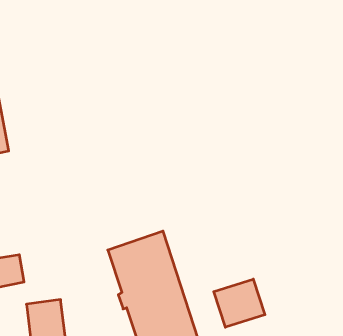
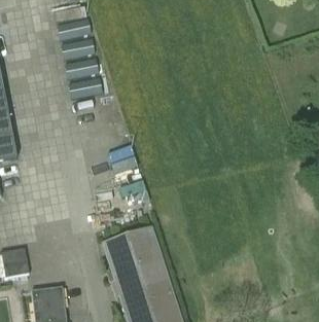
building: [214,279,265,327] -> none

